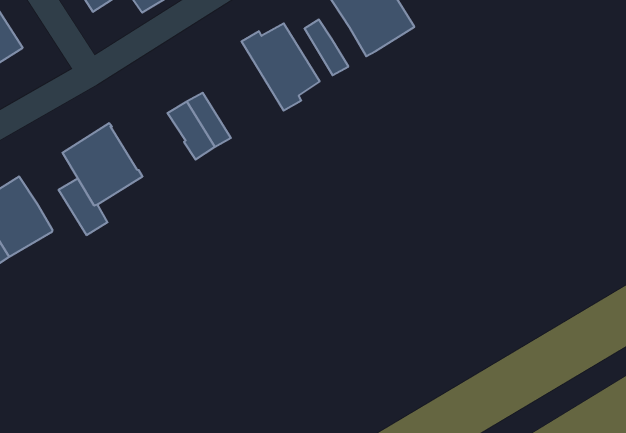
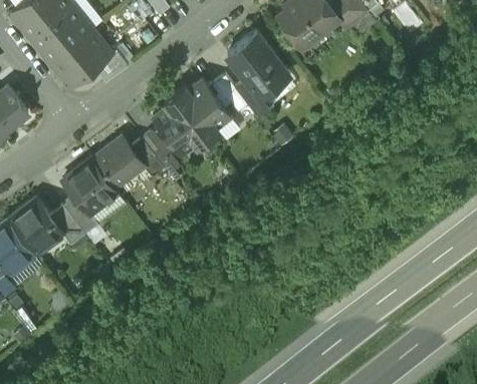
building: none -> [234,76,272,114]
building: none -> [152,93,207,152]
building: none -> [92,136,144,186]
building: none -> [49,206,84,245]

